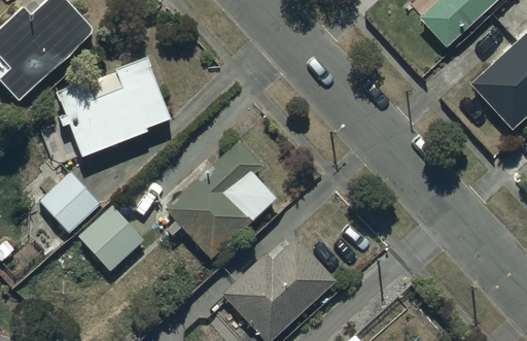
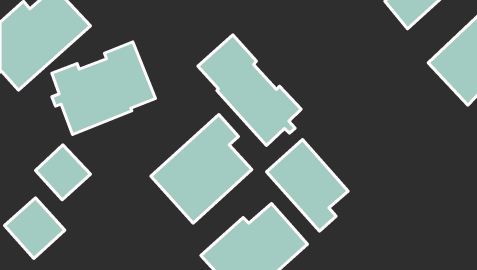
building: none -> [198,35,301,146]
building: none -> [266,139,348,231]
building: [77,205,143,271] -> [4,198,65,258]

